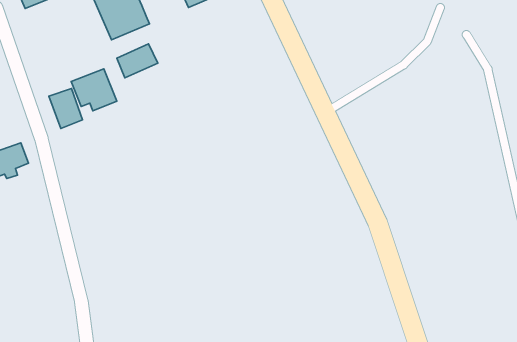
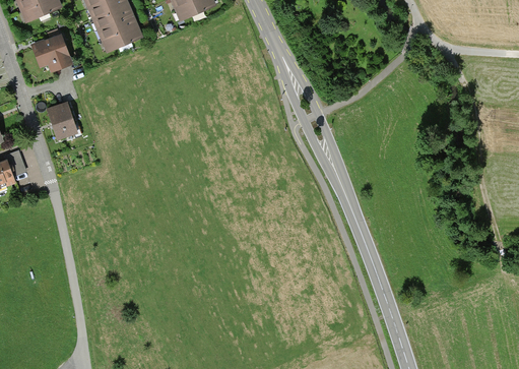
building: [117,44,158,78] -> none
building: [71,69,117,111] -> [30,34,73,73]

